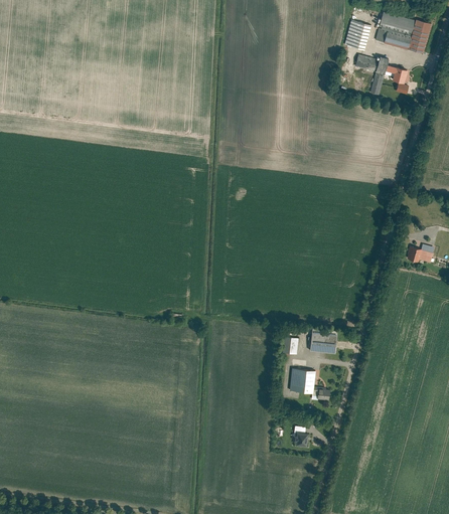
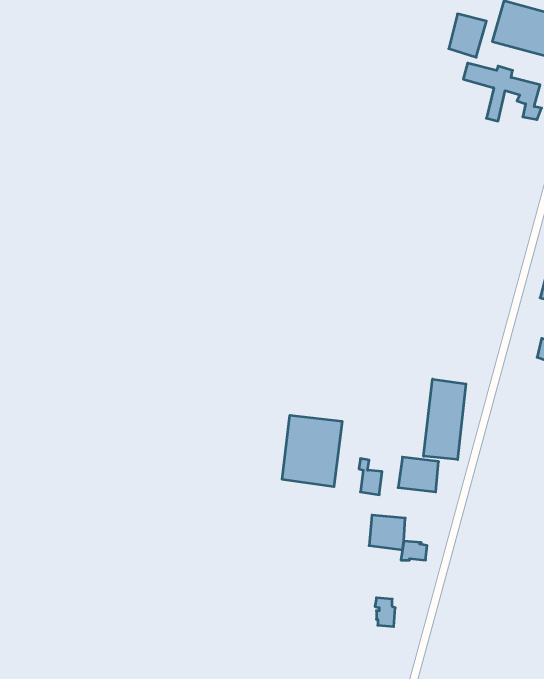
building: none -> [424,379,466,460]
building: none -> [282,415,342,487]

